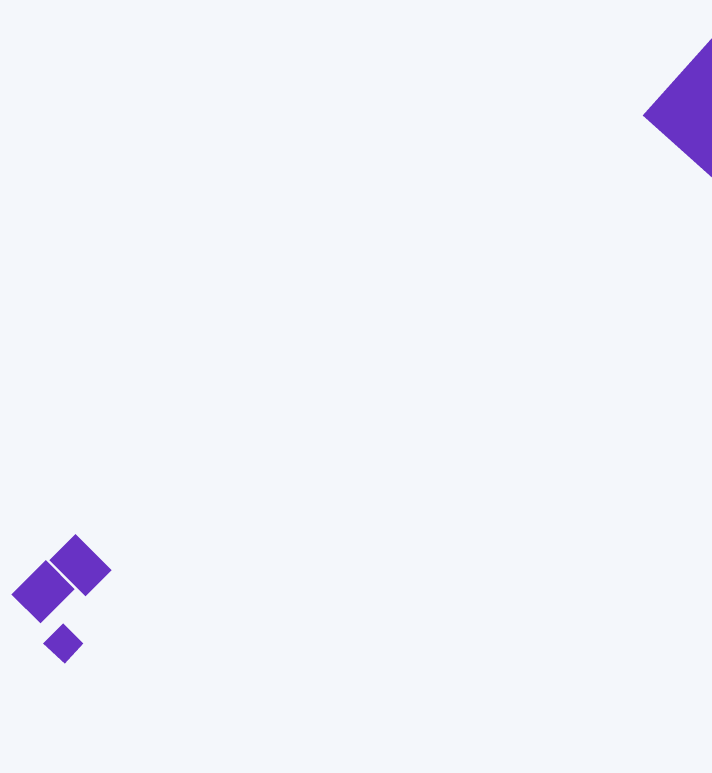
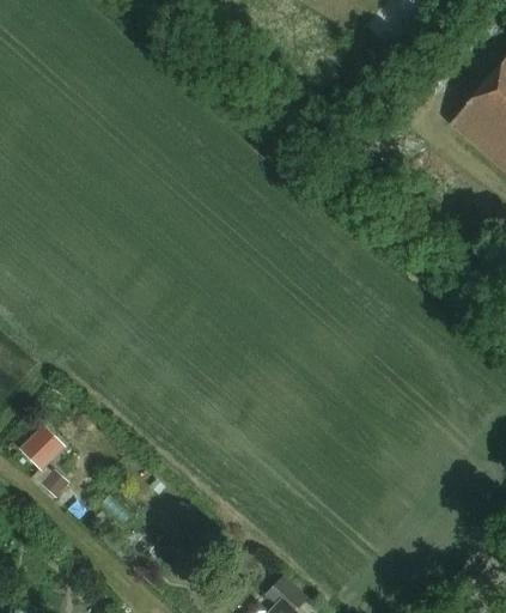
building: [49,533,112,597] -> none

